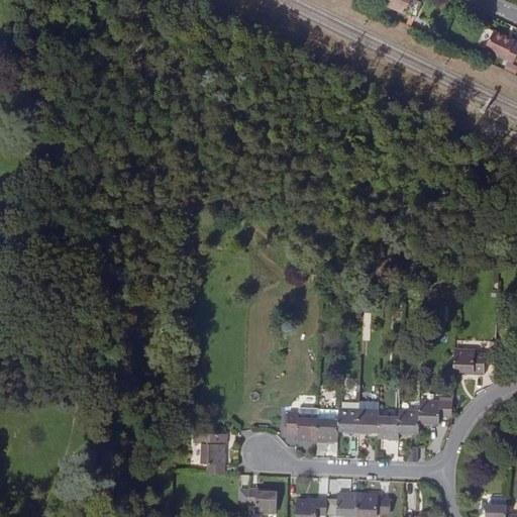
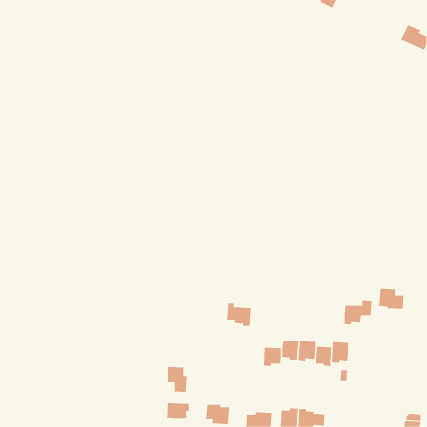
building: [419,395,453,424] -> [344,300,372,324]
building: [287,411,317,439] -> [226,303,251,326]
building: none -> [167,402,189,419]

